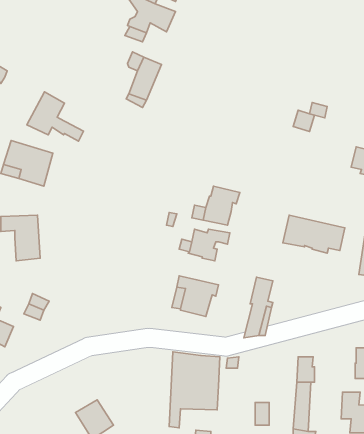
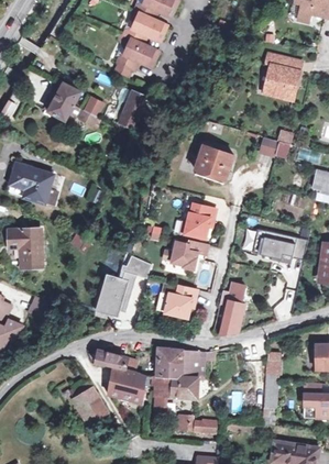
building: none -> [264,55,301,100]
building: [27,92,84,141] -> [47,82,97,125]
building: none -> [195,145,233,179]
building: none -> [100,254,152,316]
building: none -> [95,351,144,404]

